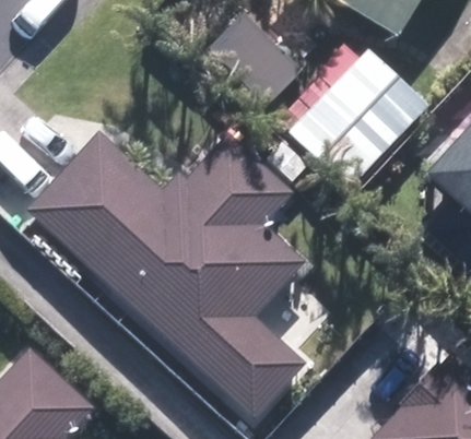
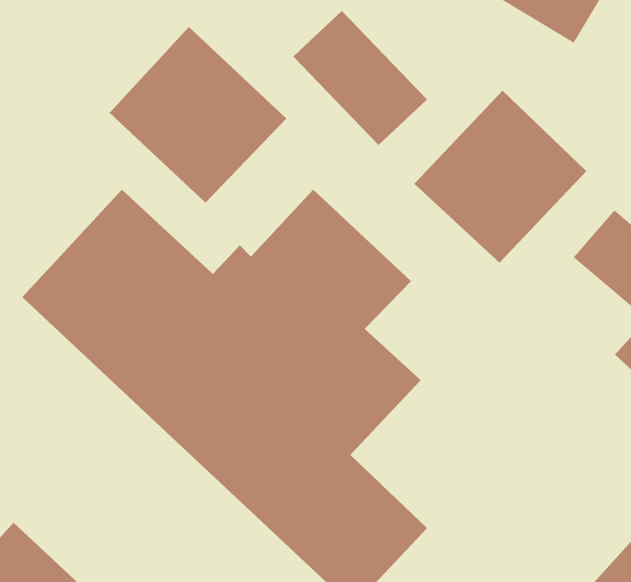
building: none -> [109,26,287,204]

